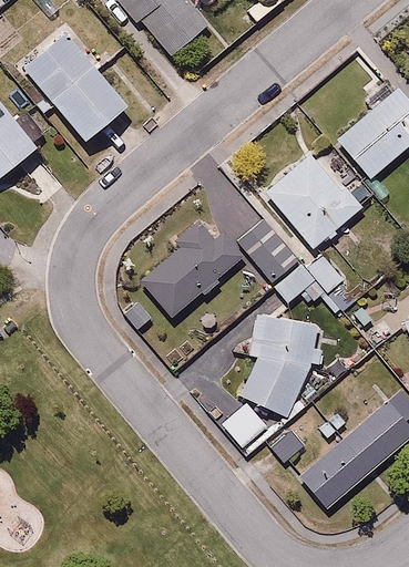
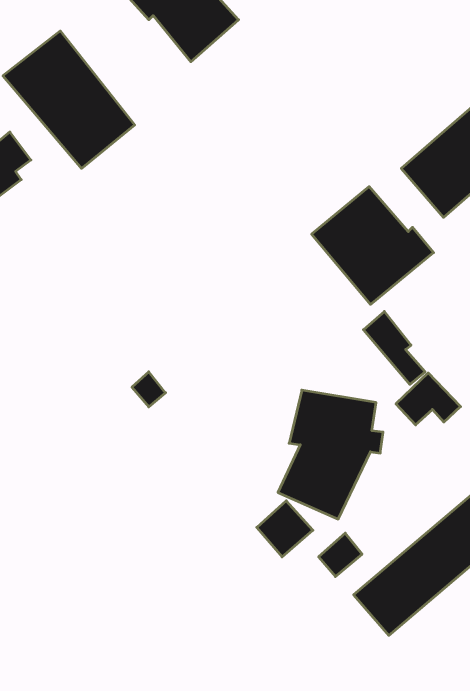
building: [241,219,298,279] -> none
building: [140,220,243,318] -> none
building: [273,265,324,306] -> [396,373,461,425]

